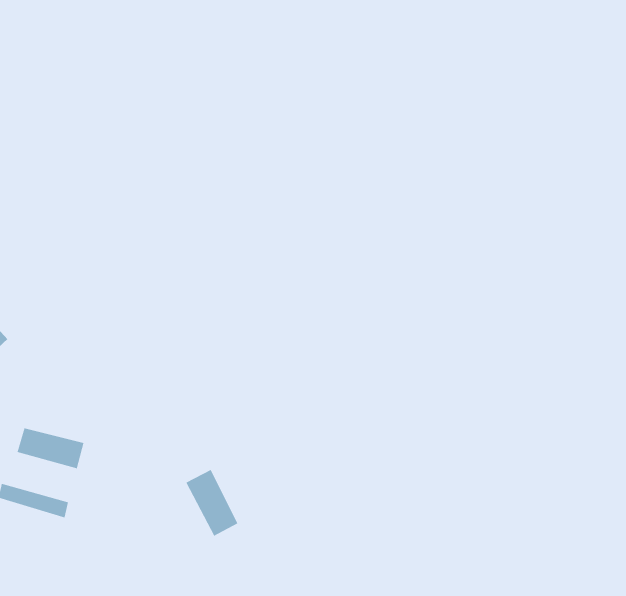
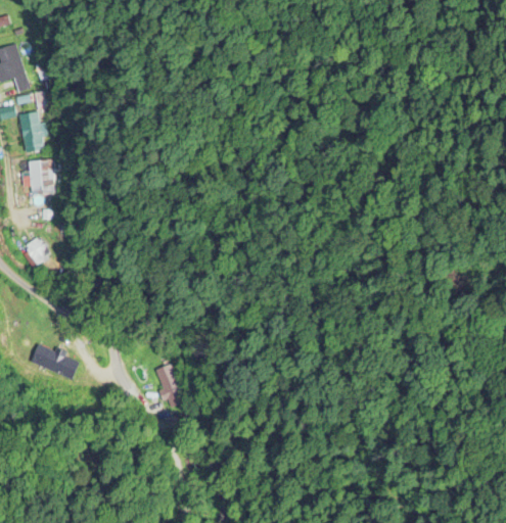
building: [17,427,84,469] -> none

